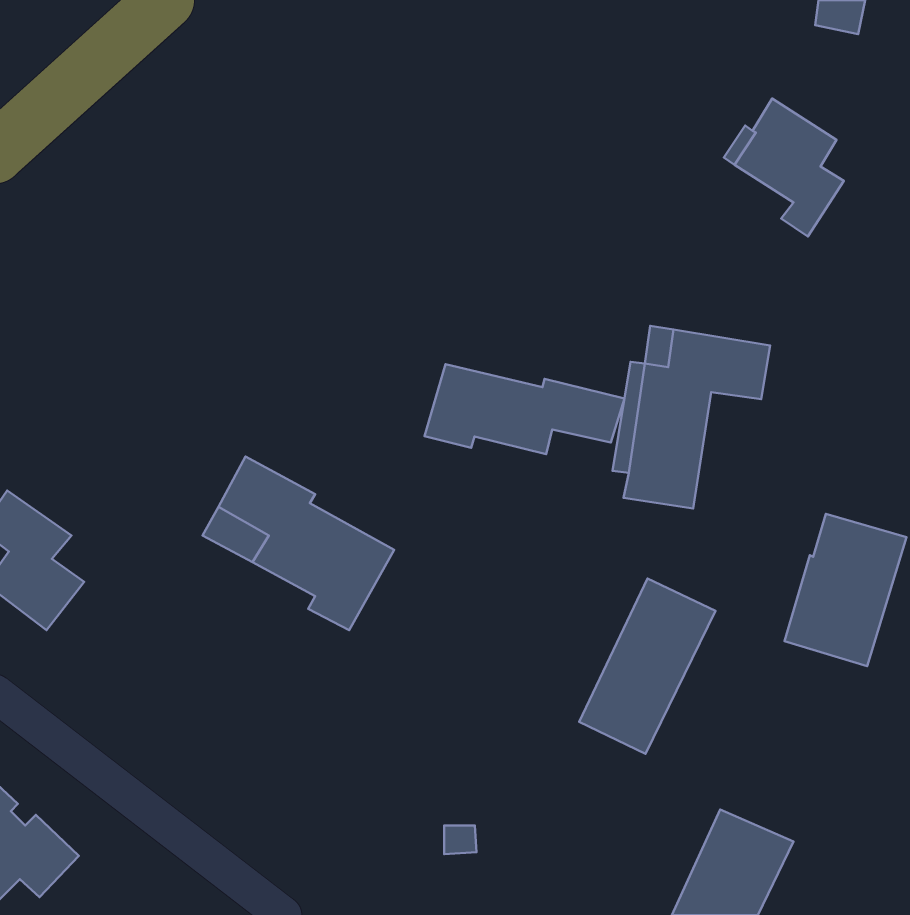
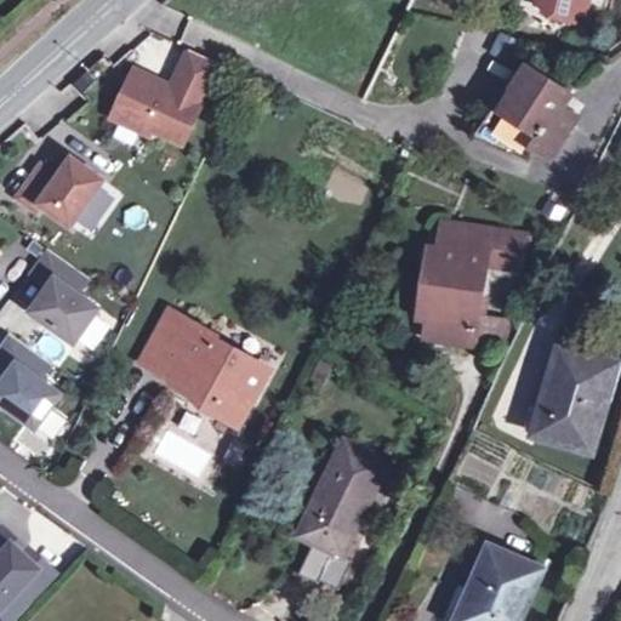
building: none -> [106,49,220,152]
building: none -> [15,159,99,226]
building: [425,364,625,454] -> none
building: none -> [24,247,96,343]
building: [579,578,715,754] -> [295,439,387,558]

